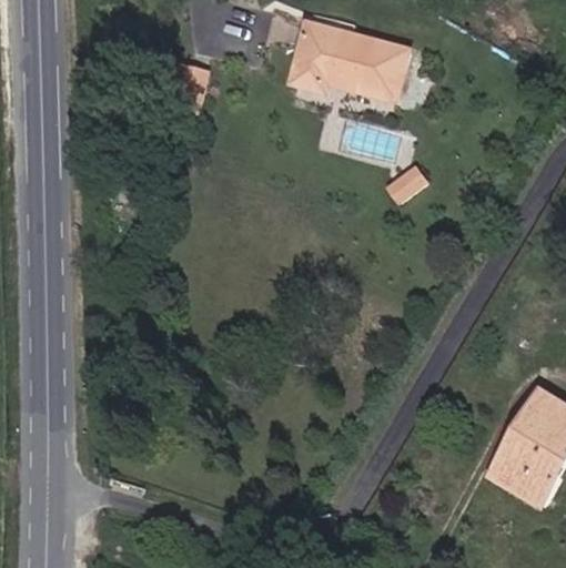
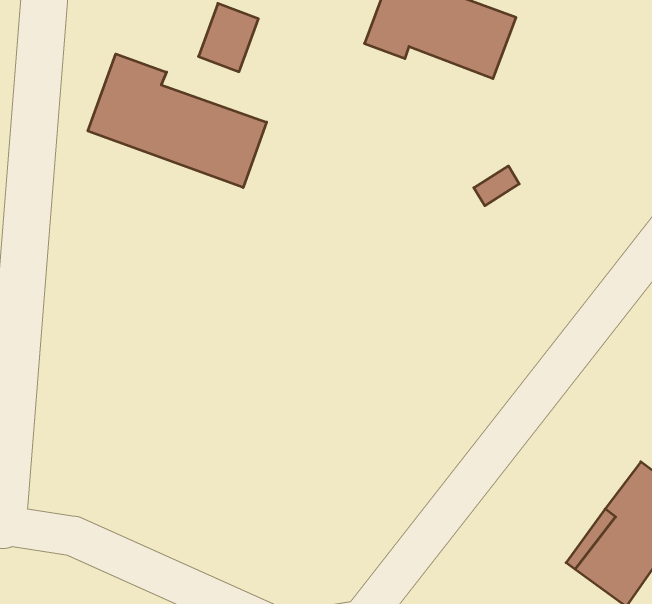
building: none -> [88,54,267,188]

